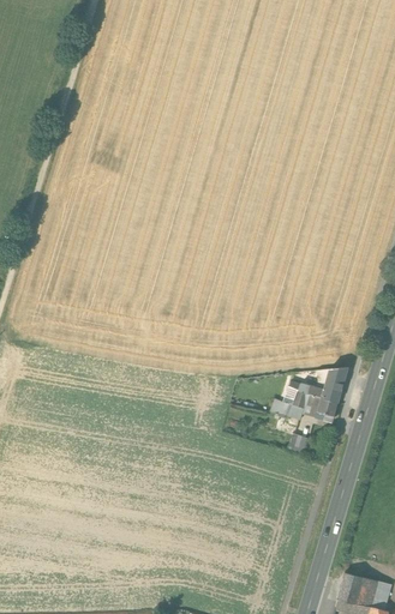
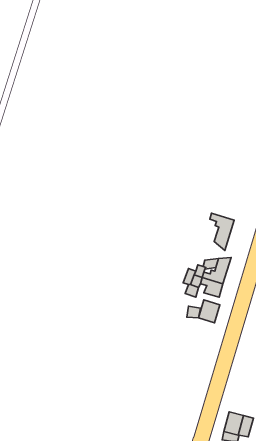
building: none -> [210,213,234,250]
building: none -> [199,300,220,323]

